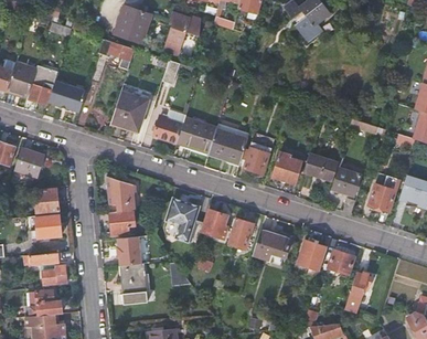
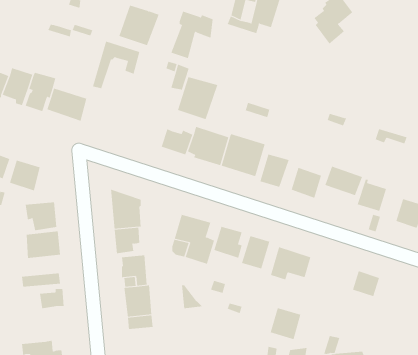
building: [111,92,149,131] -> [177,77,218,120]
building: [298,240,327,269] -> [270,307,301,340]
building: [345,272,372,311] -> none
building: [29,290,62,315] -> none

